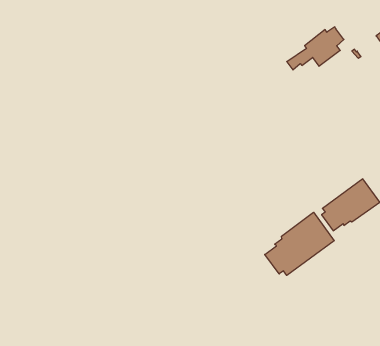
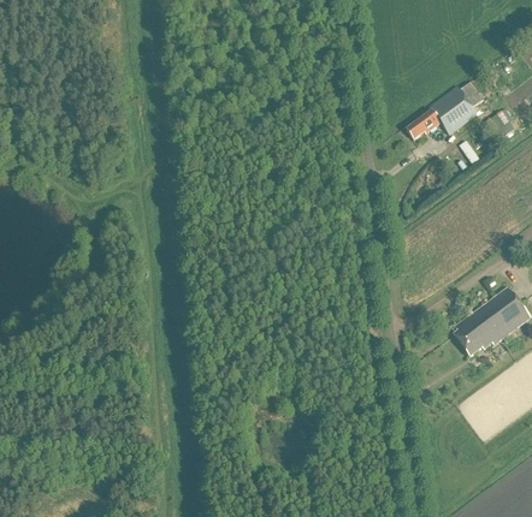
building: [265,212,334,275] -> none

